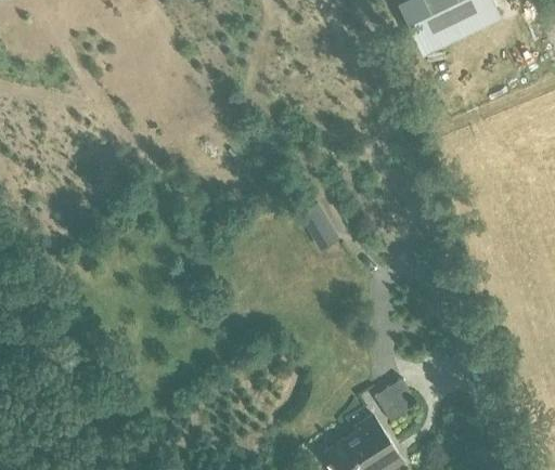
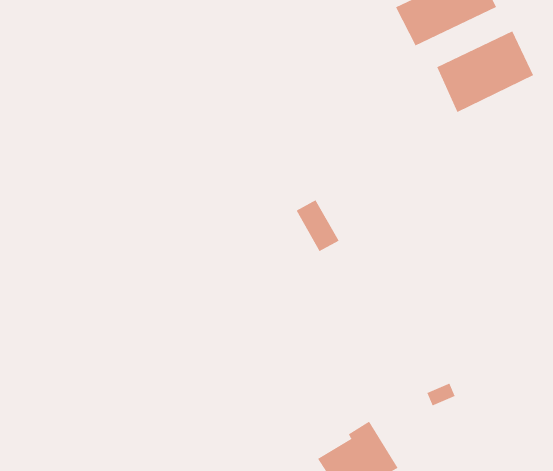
building: none -> [436,30,534,113]
building: [373,378,414,419] -> none

